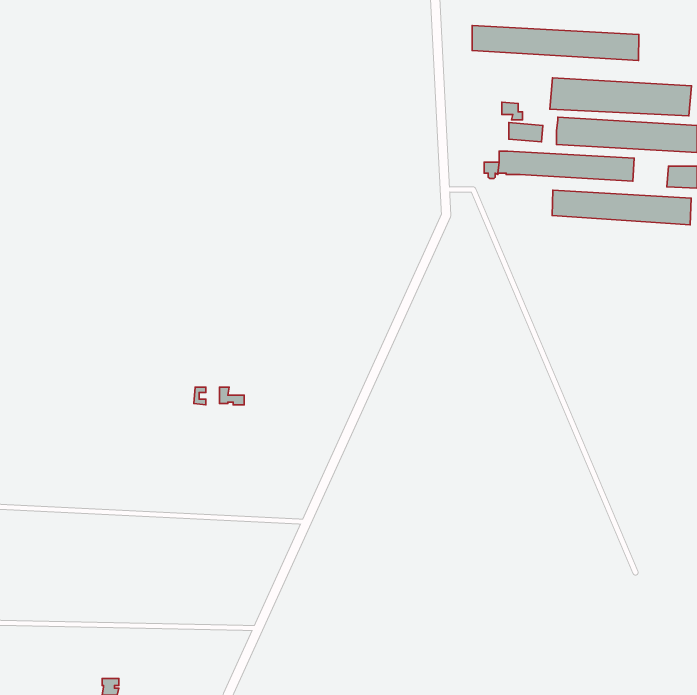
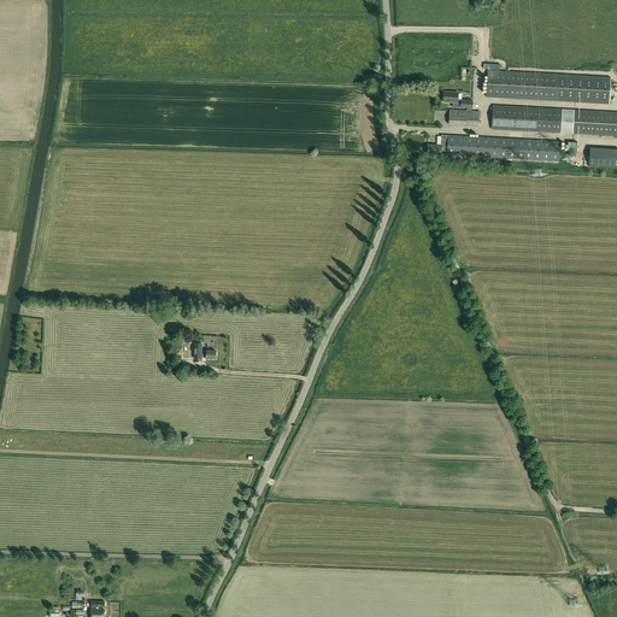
building: [472,26,639,61] -> none
building: [552,190,691,225] -> none

